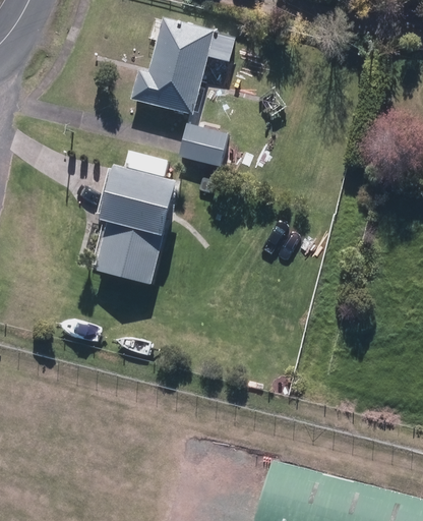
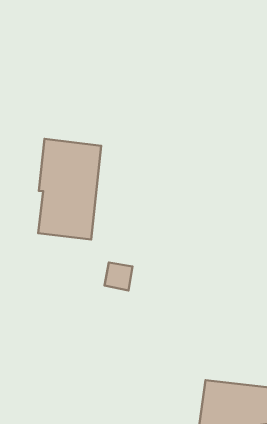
building: [130,19,234,111] -> none
building: [177,124,226,168] -> none

